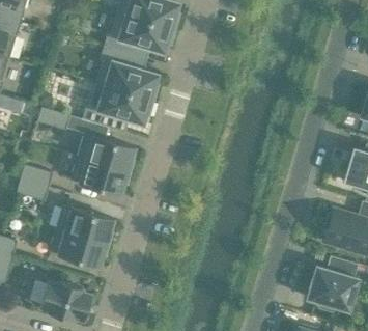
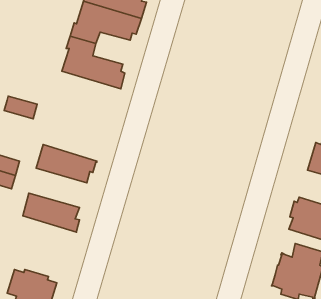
building: [82,82,154,126] -> none
building: [77,133,134,172] -> none
building: [49,227,110,267] -> none

